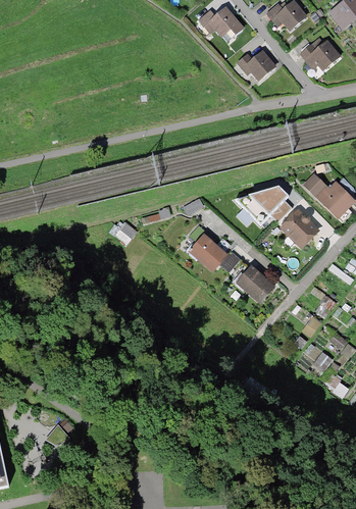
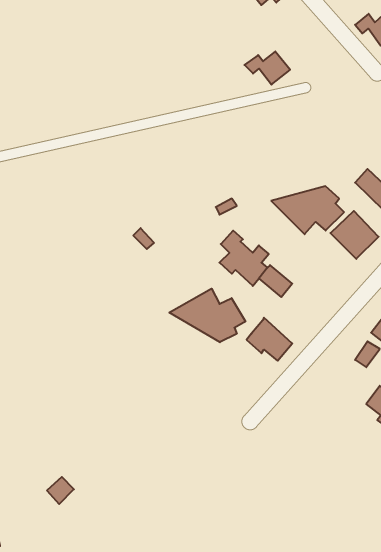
building: [238,51,275,79] -> [244,51,290,85]
building: [236,265,273,301] -> [247,318,292,361]
building: none -> [169,289,245,342]

